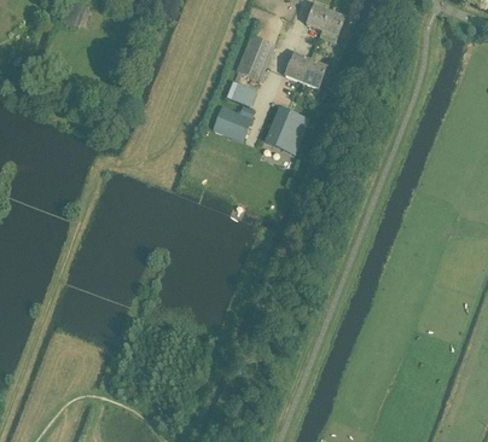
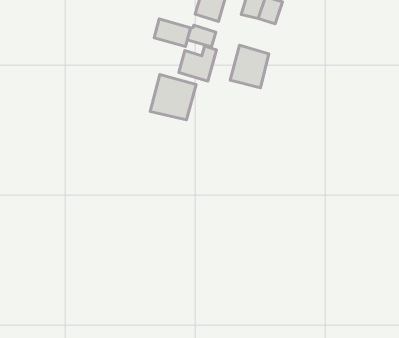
building: none -> [154,19,190,47]
building: none -> [150,74,196,120]

